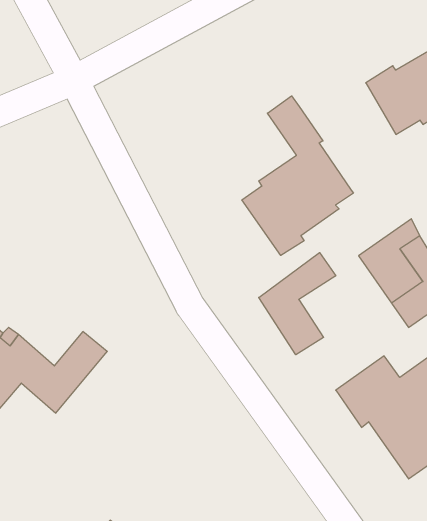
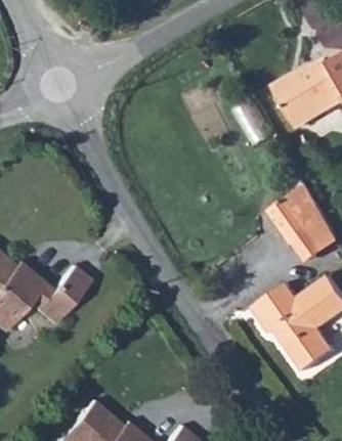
building: [242,96,353,255] -> none
building: [259,253,336,355] -> none

